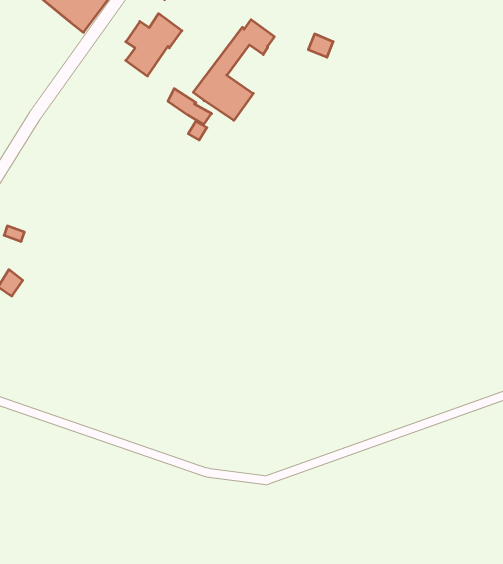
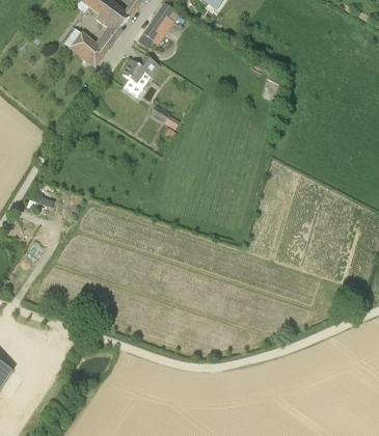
building: [193,20,274,120] -> none

